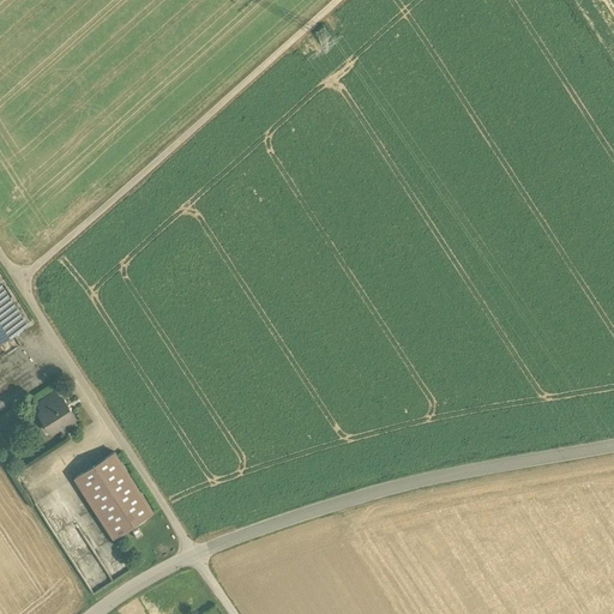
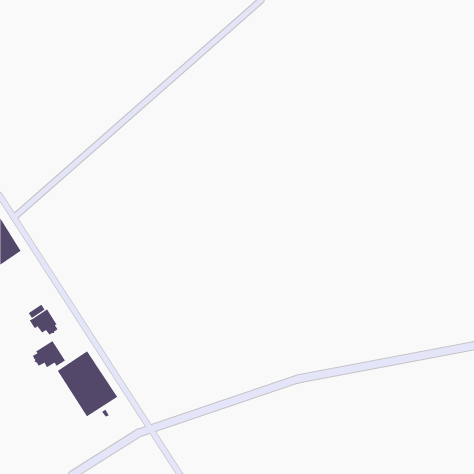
building: none -> [32,340,66,368]

